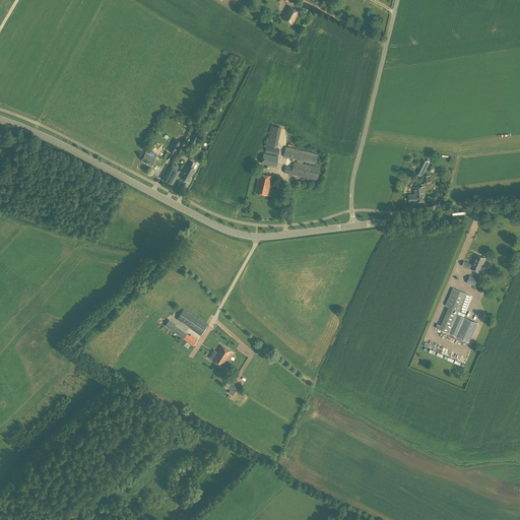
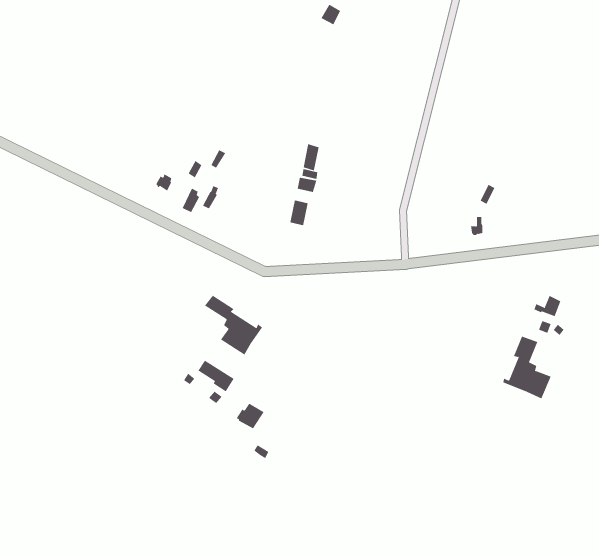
building: [283,146,319,180] -> none
building: none -> [204,295,263,355]

